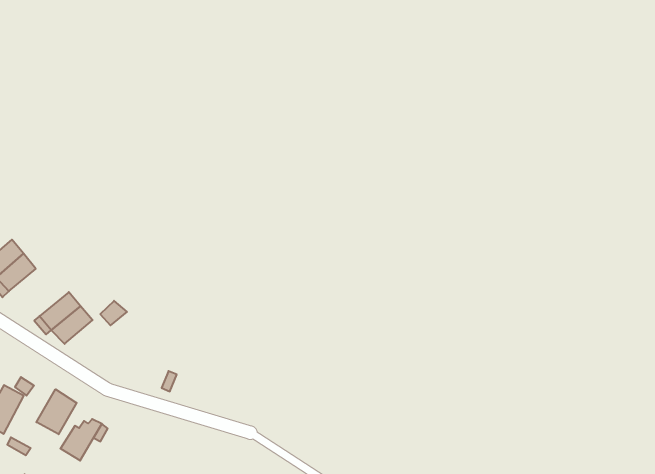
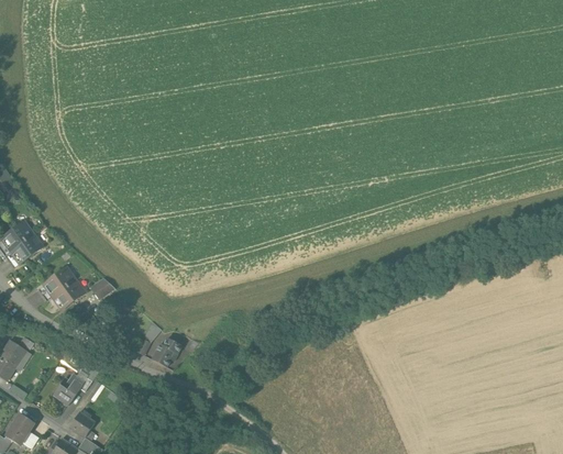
building: none -> [152,337,181,367]
building: [36,389,77,434] -> none

